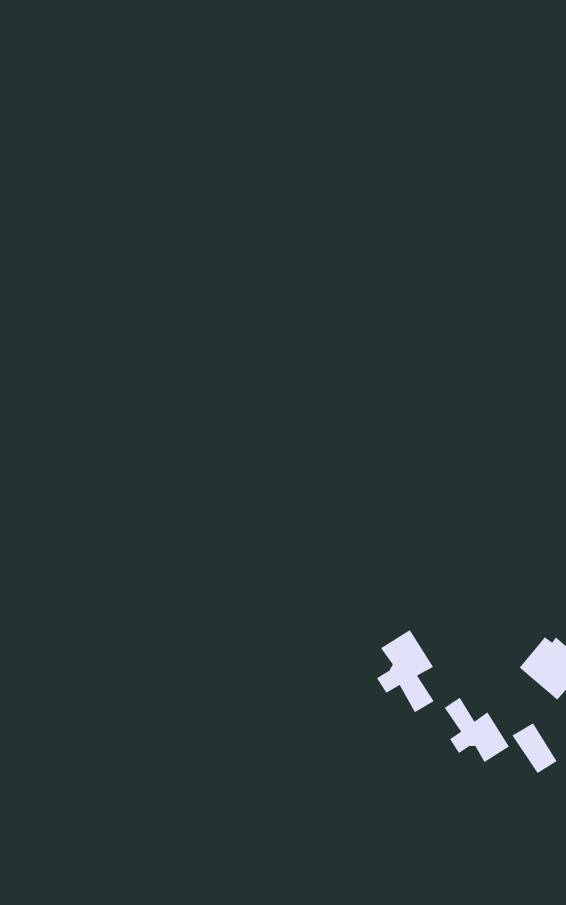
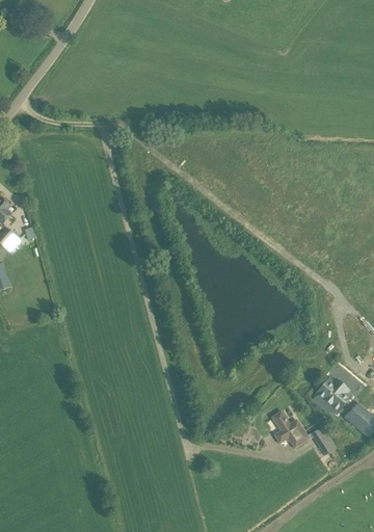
building: [376,629,435,713] -> none

